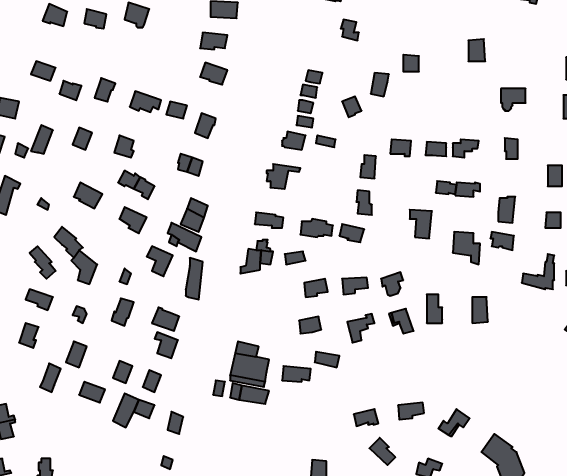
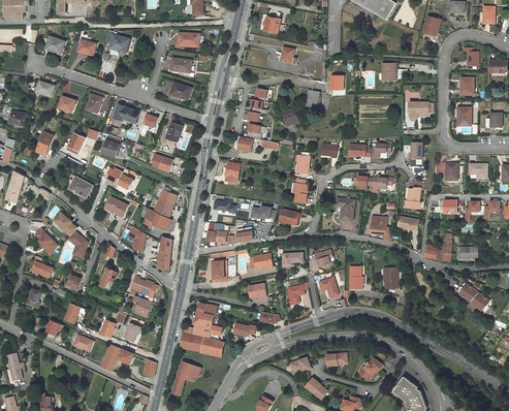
building: none -> [212,260,235,283]
building: none -> [171,361,200,398]

